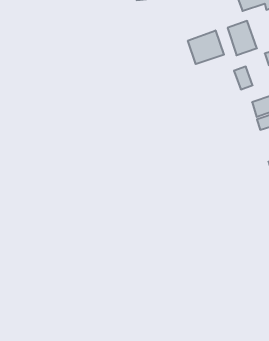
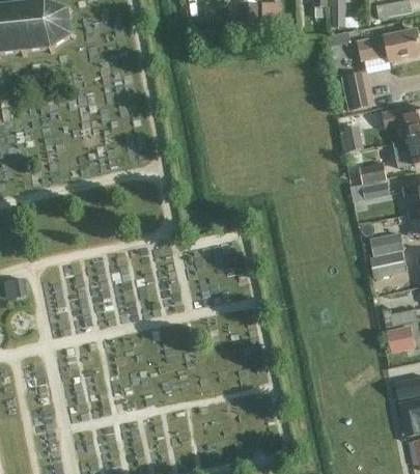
building: [188,30,224,64] -> none

